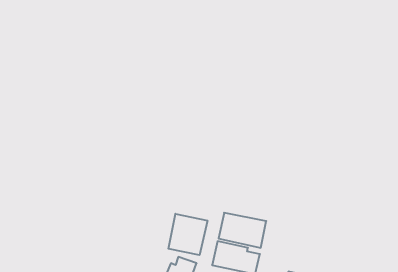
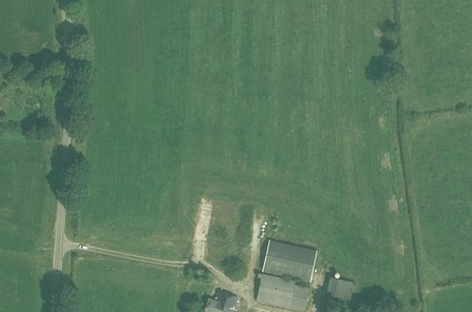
building: [168,214,207,255] -> none
building: none -> [326,277,354,299]

